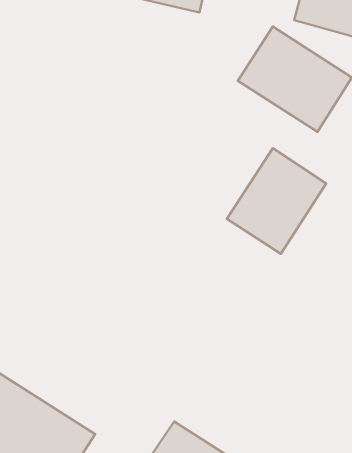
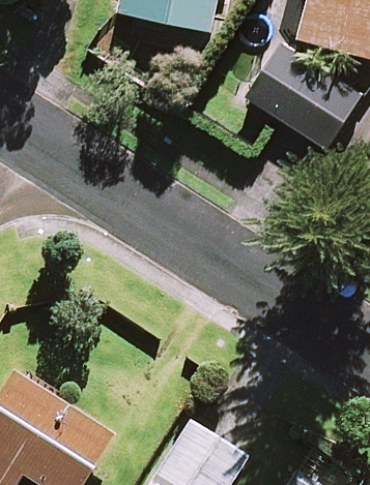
building: [227,148,326,254] -> none

